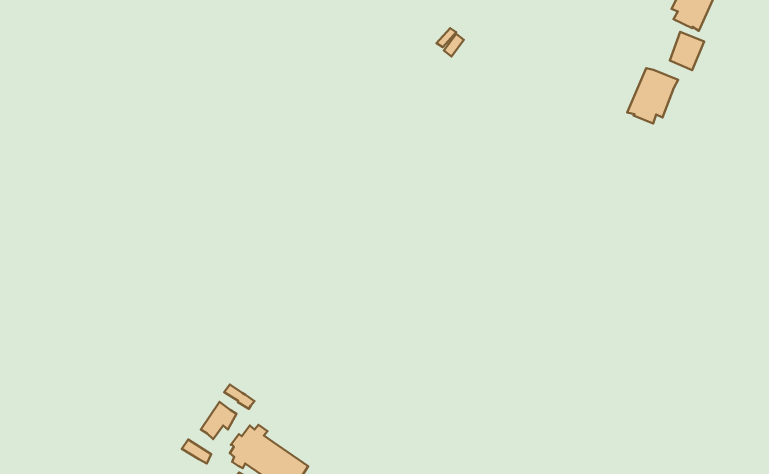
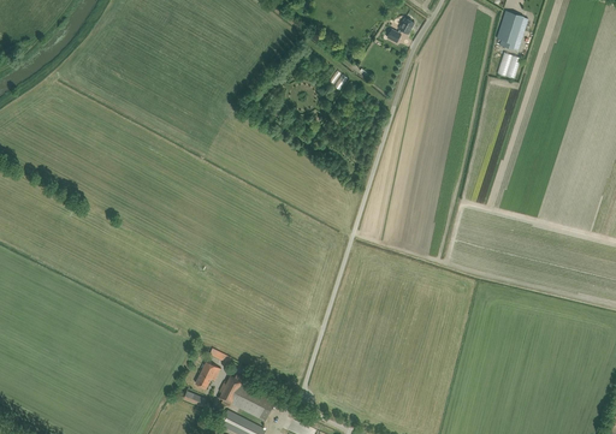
building: [627,68,678,123] -> none

